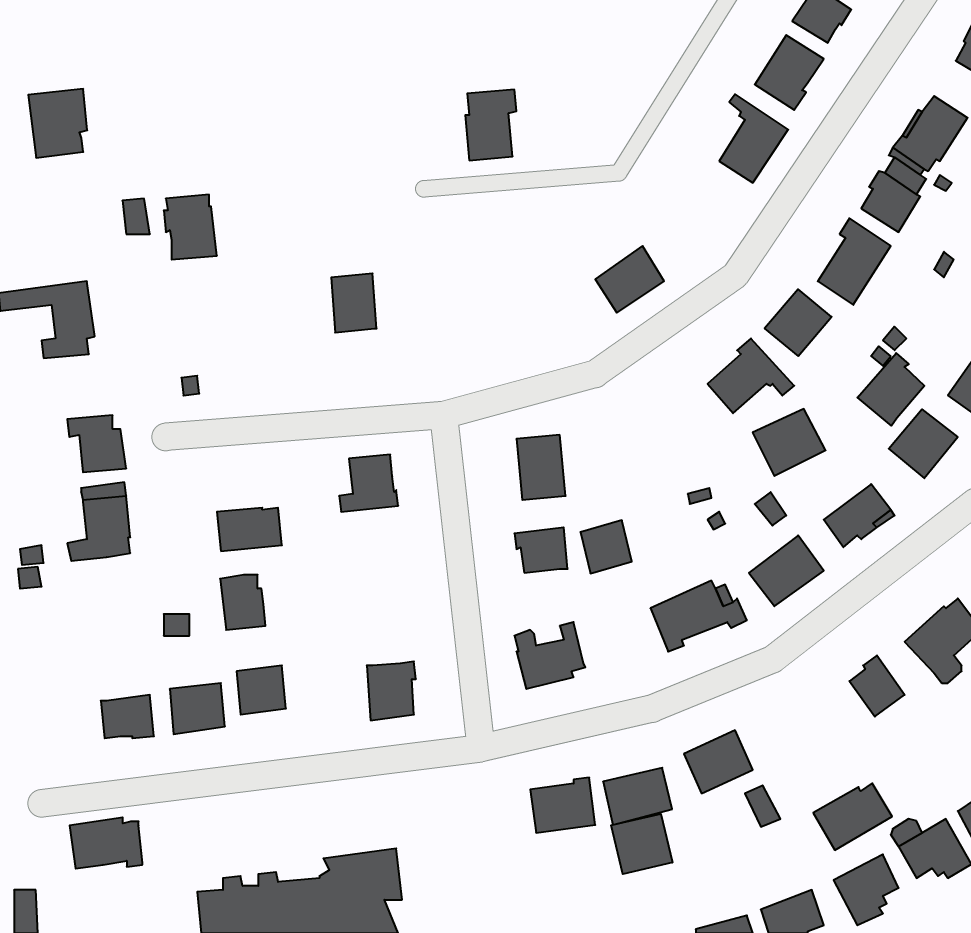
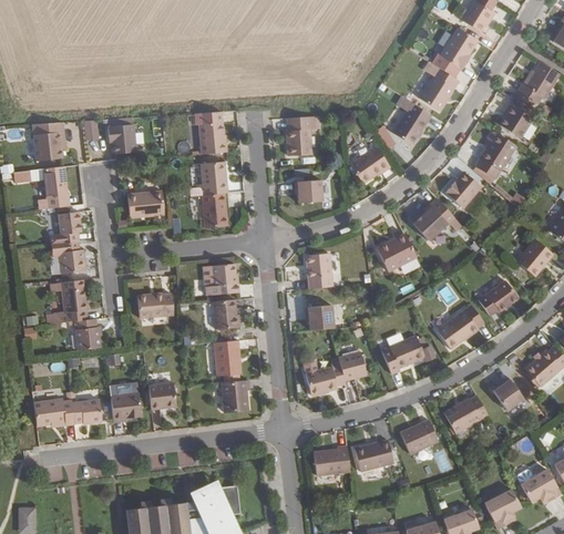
building: [28,89,87,158] -> [31,122,64,161]
building: [465,90,516,160] -> [285,116,314,156]
building: none -> [392,96,430,145]
building: none -> [194,112,226,154]
building: none -> [294,179,321,203]
building: none -> [126,191,164,218]
building: none -> [201,193,227,228]
building: [857,353,924,426] -> none
building: none -> [49,212,81,245]
building: [753,409,826,476] -> [375,234,416,271]
building: none -> [212,299,239,329]
building: [580,520,632,573] -> [337,351,366,381]
building: [220,575,265,630] -> [74,319,100,350]
building: none -> [213,340,240,376]
building: [813,783,892,850] -> [442,396,486,433]
building: [611,814,672,874] -> none
building: [70,817,142,869] -> [32,398,73,427]

